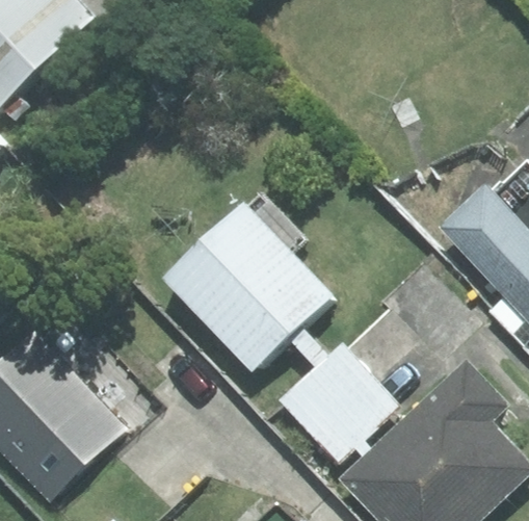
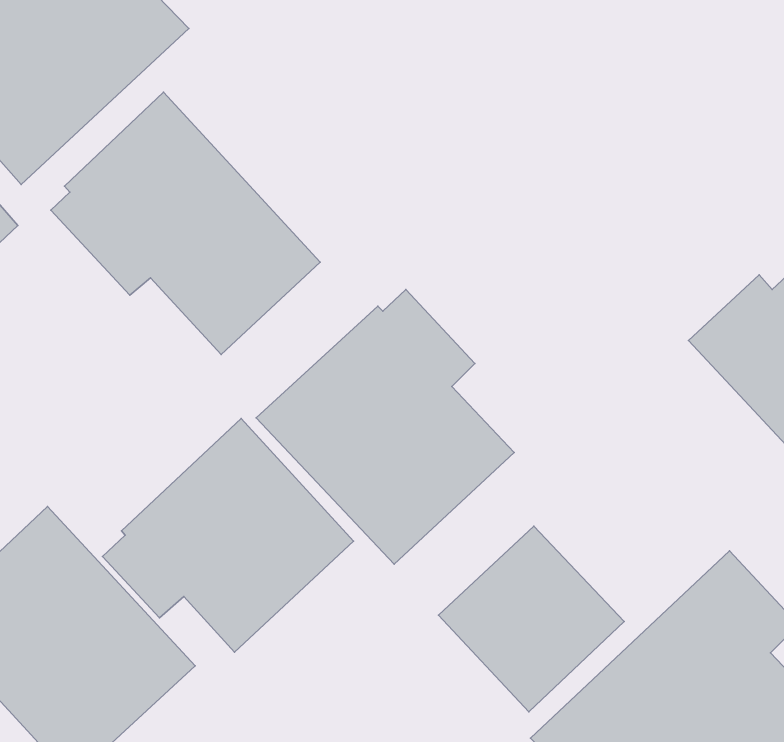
building: none -> [51,92,320,355]
building: none -> [102,418,354,652]

